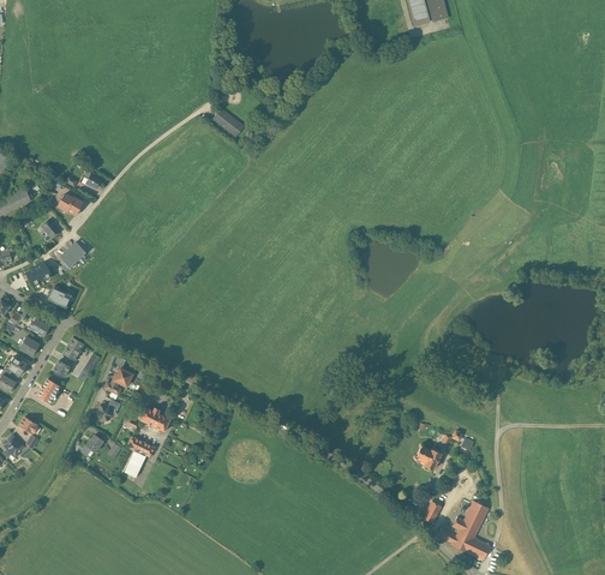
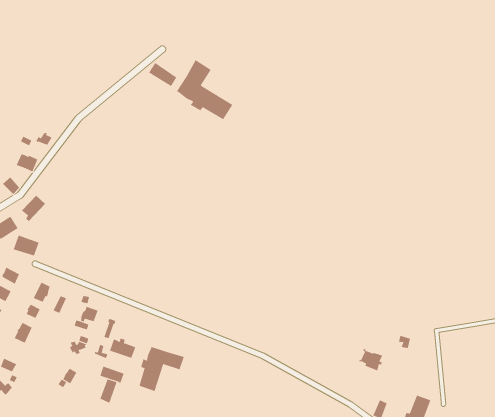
building: none -> [176,59,233,120]
building: none -> [139,346,185,392]

